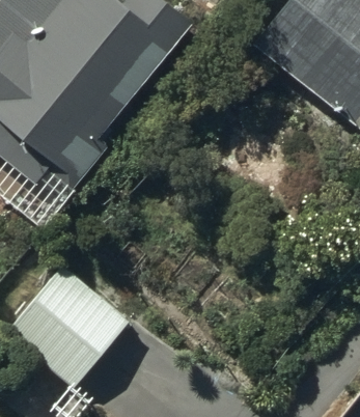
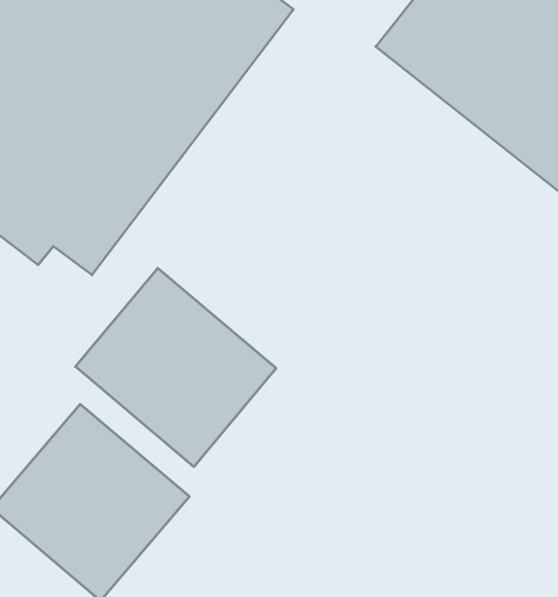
building: none -> [75,268,276,467]

